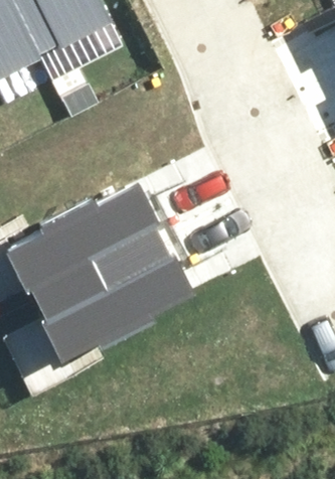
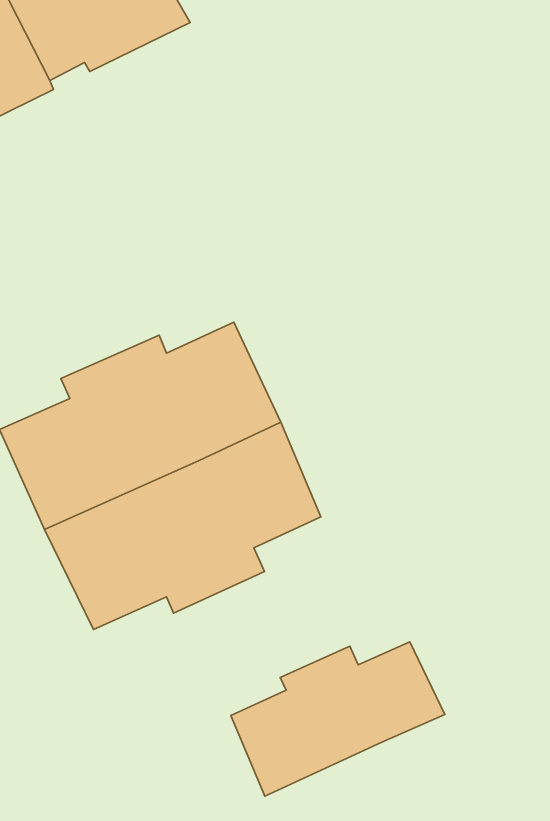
building: none -> [231,642,445,796]

